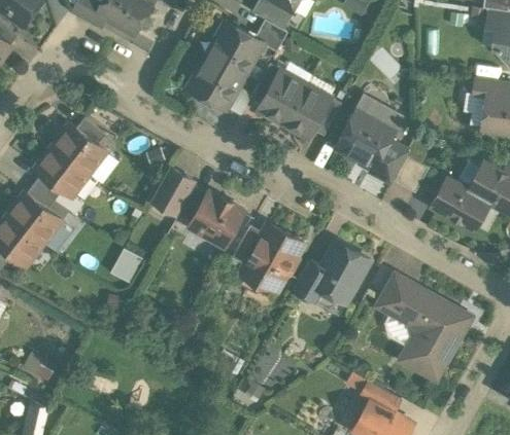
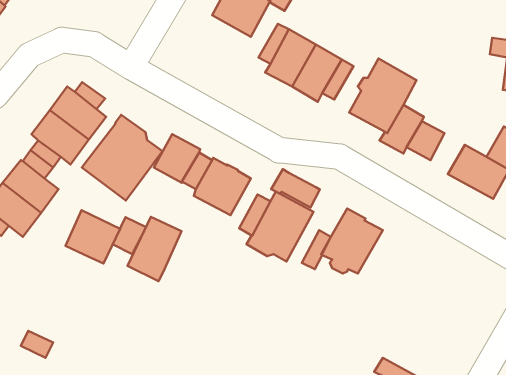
building: [189,55,244,108] -> none
building: none -> [82,115,163,200]
building: none -> [271,169,320,207]
building: none -> [65,210,120,263]
building: none -> [127,217,181,281]
building: [377,273,465,380] -> none

